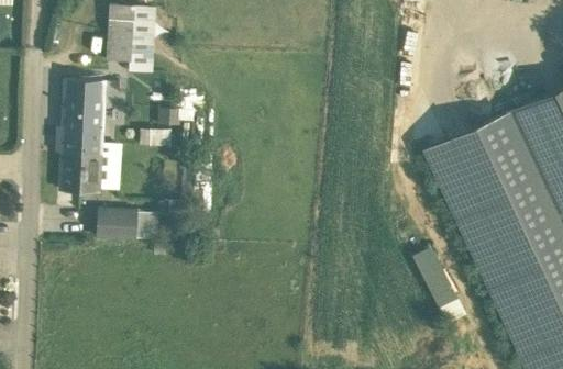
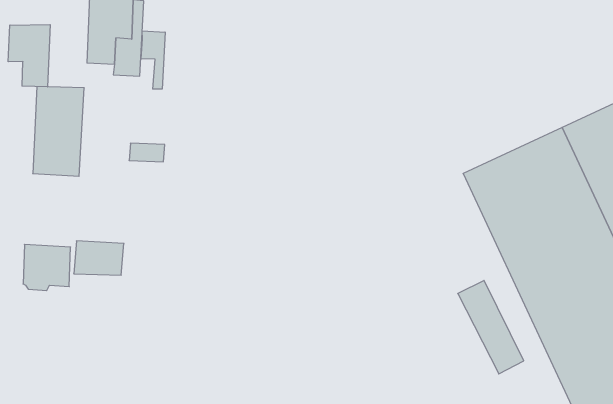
building: none -> [8,25,50,87]
building: none -> [141,31,165,89]
building: [63,153,102,191] -> [23,244,71,291]

